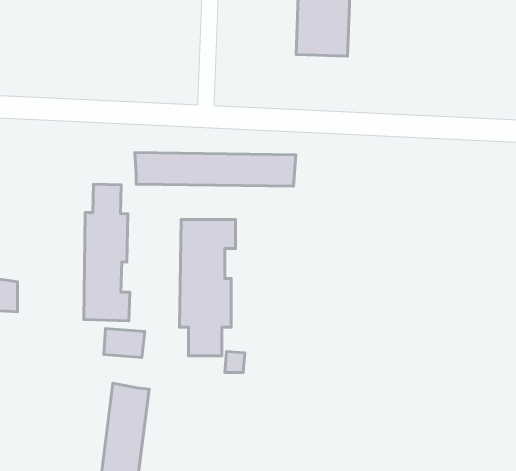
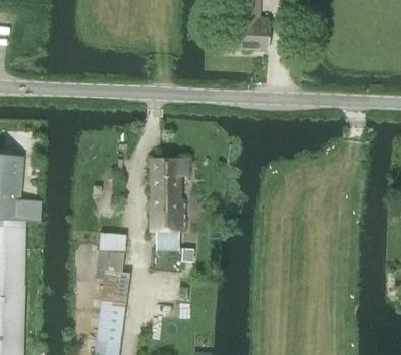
building: [135,153,296,186] -> none
building: [84,184,130,321] -> none

